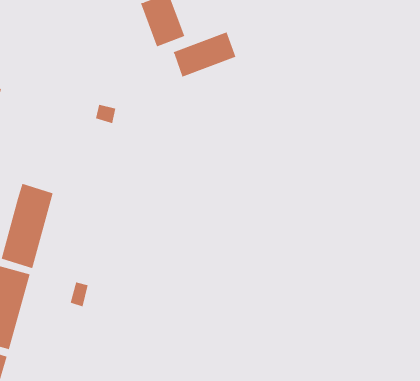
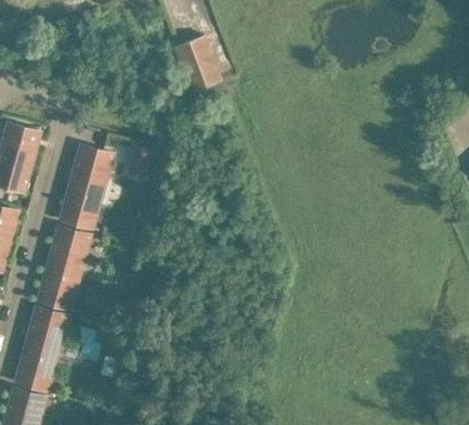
building: [173,32,236,77] -> none
building: none -> [62,150,114,228]

